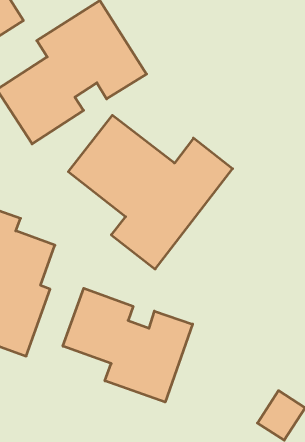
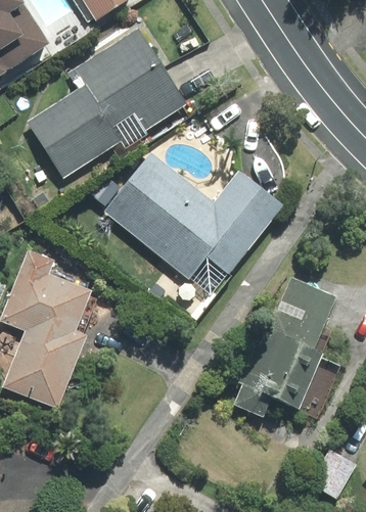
building: none -> [230,274,339,416]
building: [63,288,193,402] -> none

